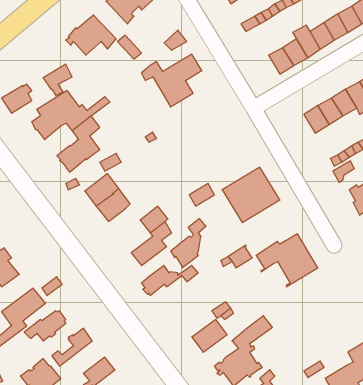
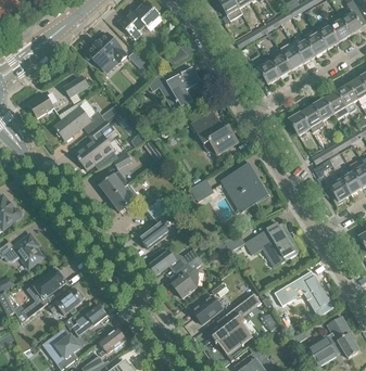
building: none -> [192,111,238,154]
building: [171,219,206,268] -> [173,255,203,297]
building: none -> [275,270,333,316]

